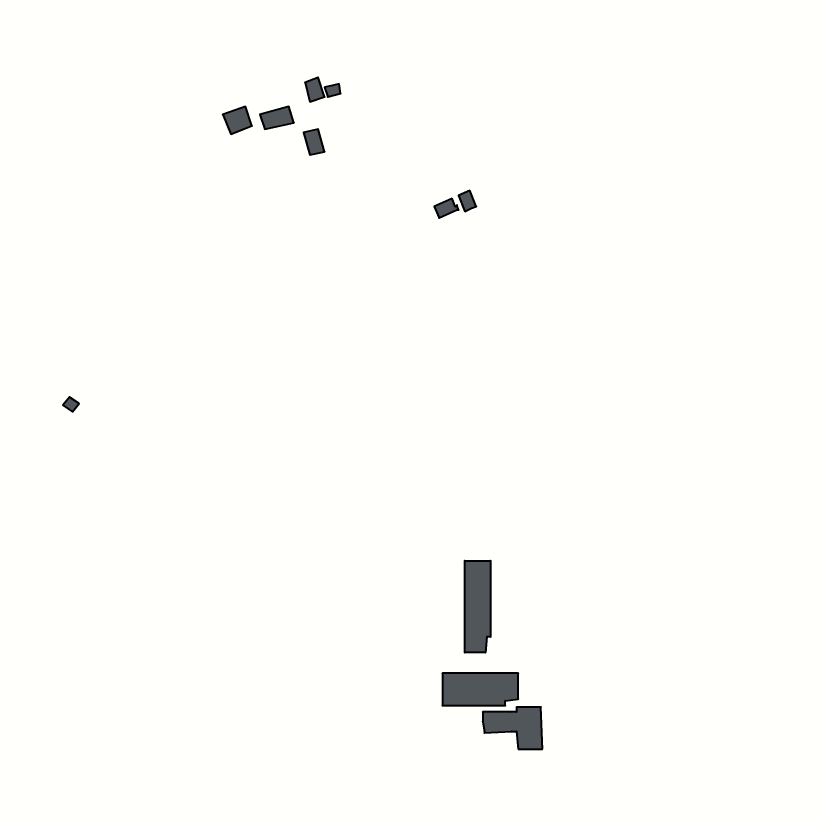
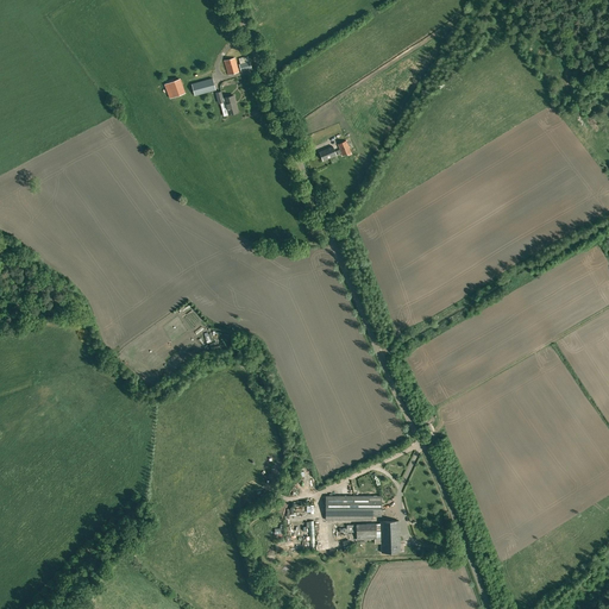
building: [465,561,491,653] -> none

